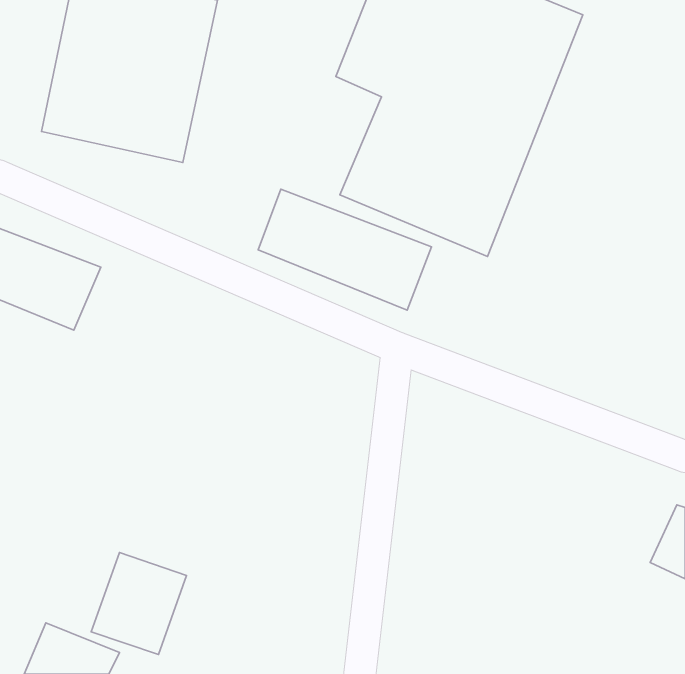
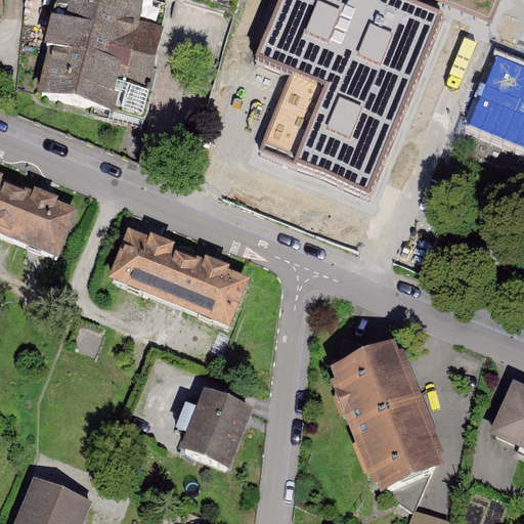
building: [258,189,431,310] -> [114,228,246,320]
building: none -> [325,345,442,493]
building: [91,553,187,655] -> [182,390,255,468]

